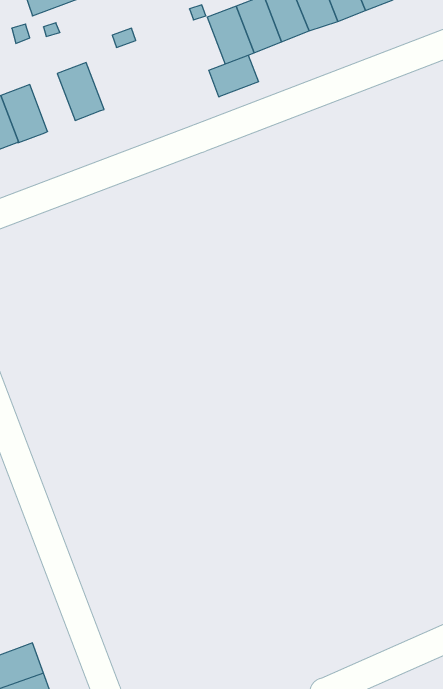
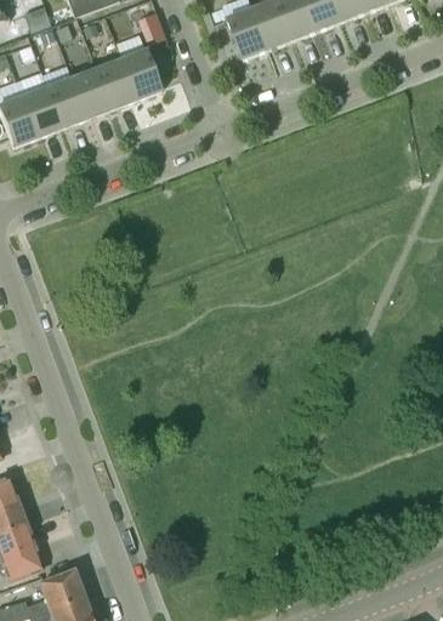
building: none -> [121,50,161,99]
building: [209,55,258,97] -> none
building: none -> [72,68,112,119]

